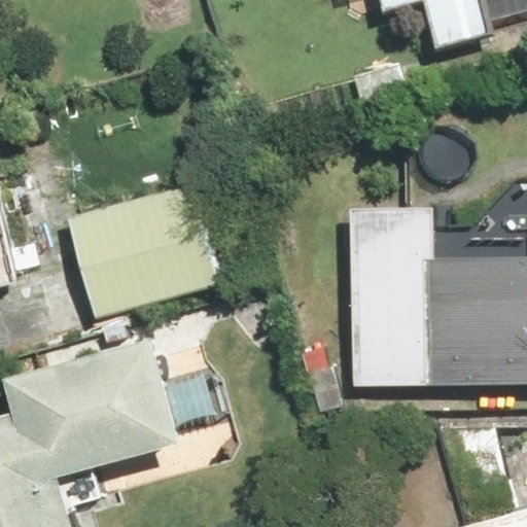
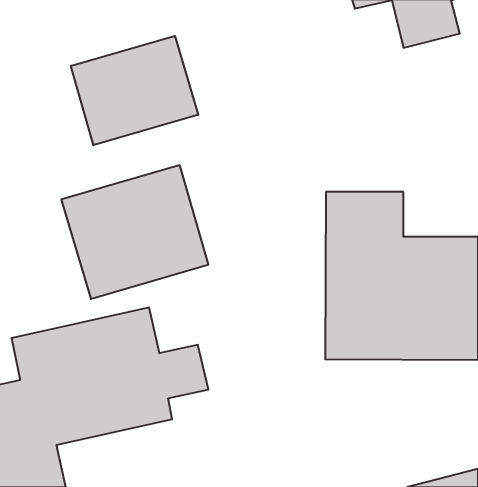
building: none -> [71,36,198,145]

